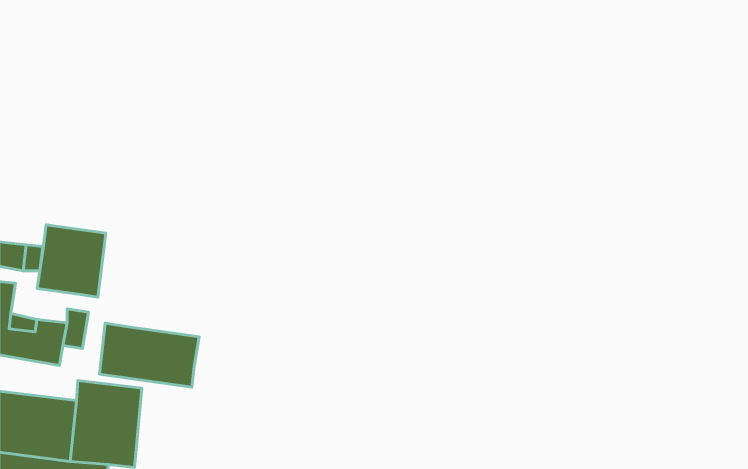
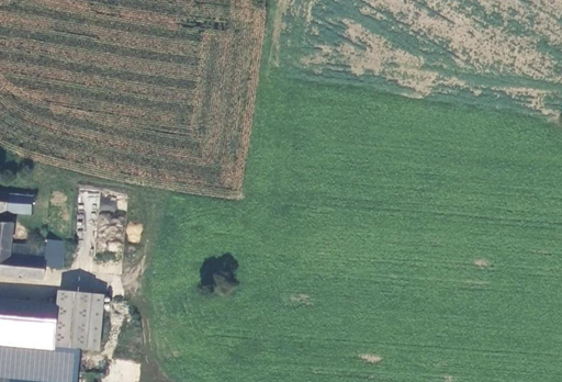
building: [37,225,106,297] -> none
building: [100,323,199,387] -> none

